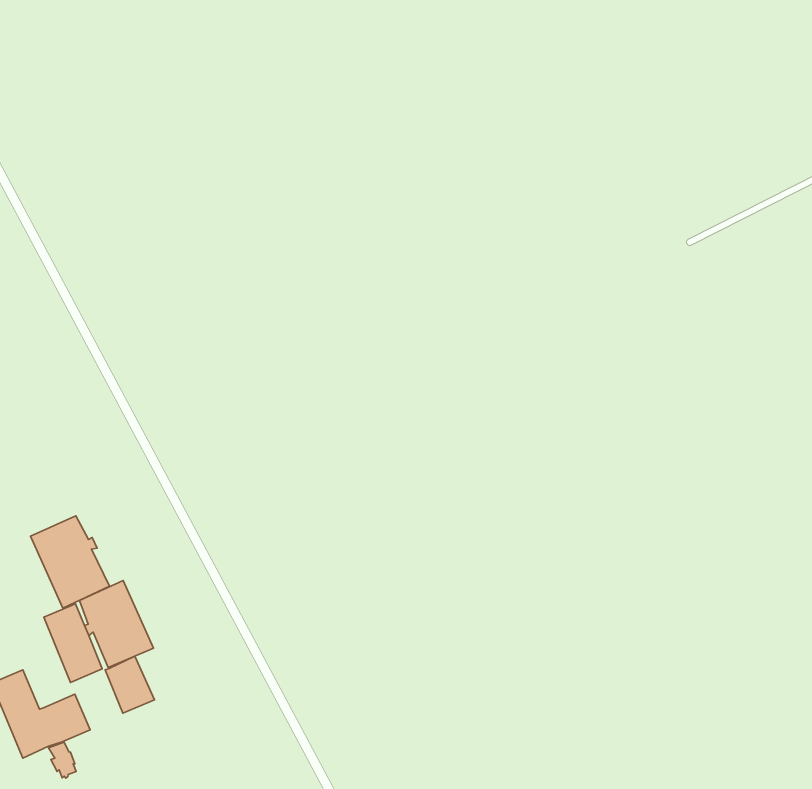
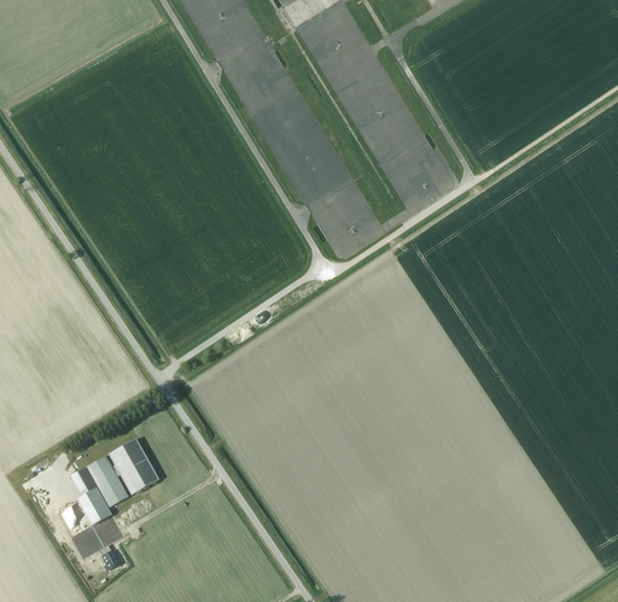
building: [30,516,109,608] -> none
building: [105,656,155,713] -> [78,487,112,525]

